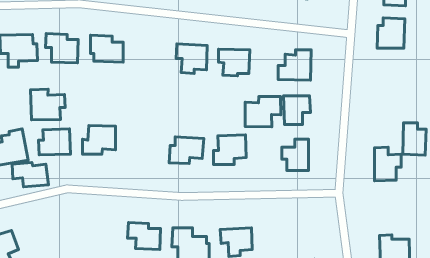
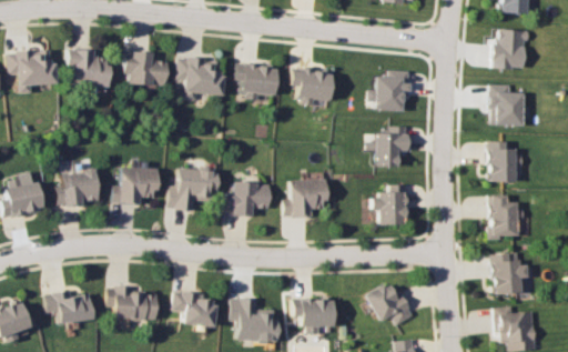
building: none -> [176,56,224,100]
building: none -> [490,84,531,125]
building: [30,89,65,120] -> none
building: [245,97,281,127] -> none
building: [403,123,426,155] -> [487,141,517,182]
building: none -> [169,168,217,210]
building: [12,162,48,187] -> [48,291,94,322]
building: none -> [490,252,527,293]
building: none -> [364,283,413,325]
building: none -> [109,286,158,319]

